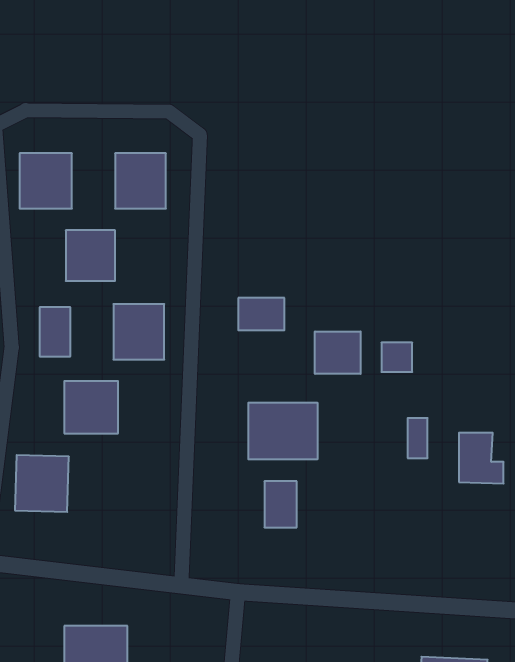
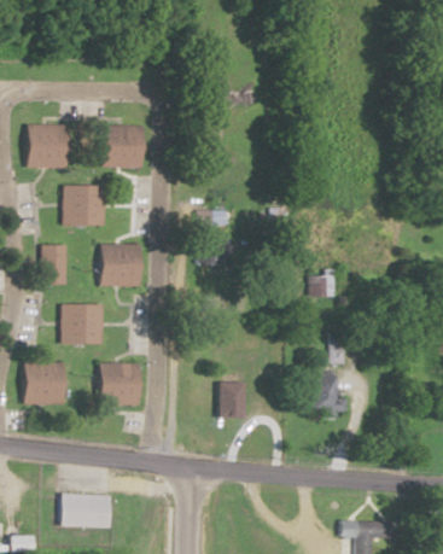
building: [315,331,361,374] -> none
building: [248,403,317,459] -> none
building: [459,433,504,484] -> [310,375,345,415]
building: none -> [98,362,139,406]

